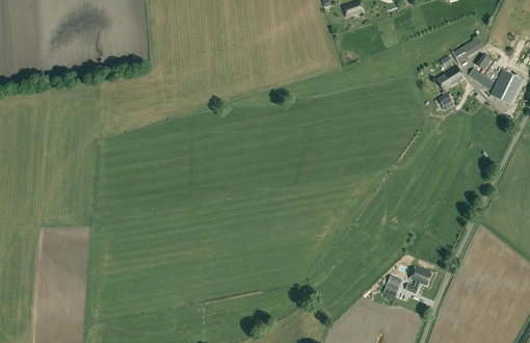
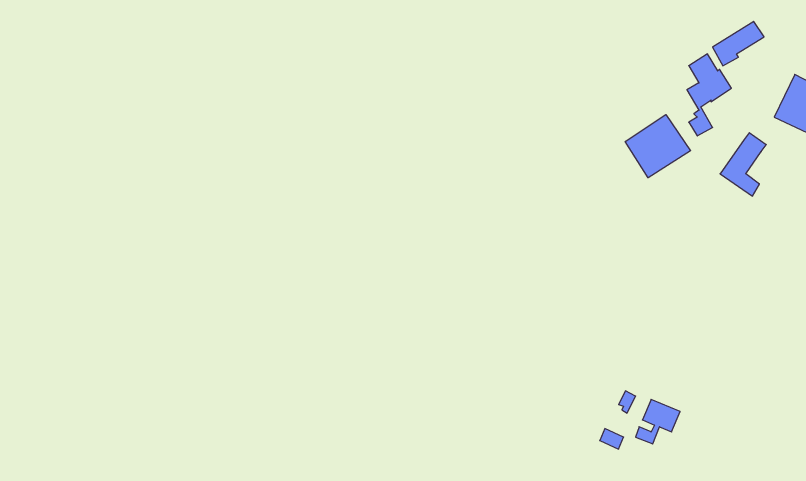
building: [469,50,497,88] -> [720,133,766,196]
building: none -> [625,115,691,178]

